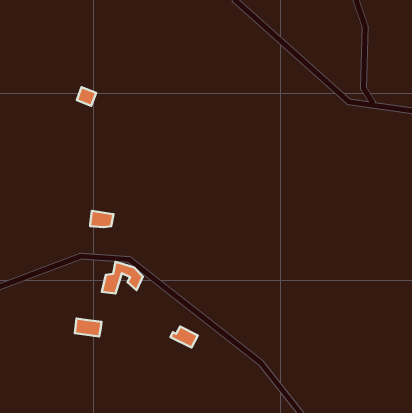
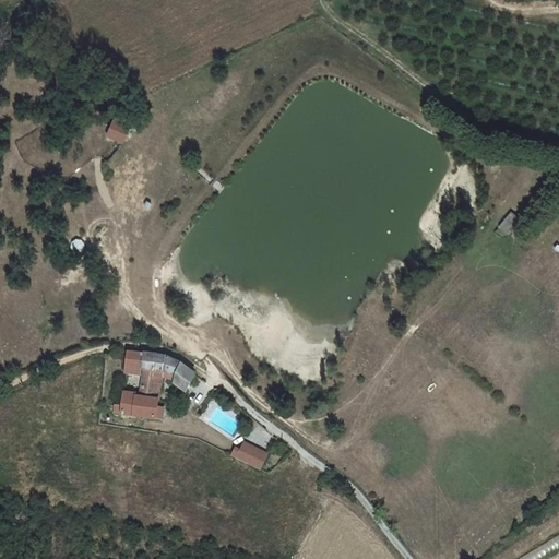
building: [90,211,114,227] -> [124,349,156,371]
building: [75,319,102,336] -> [120,392,156,416]

